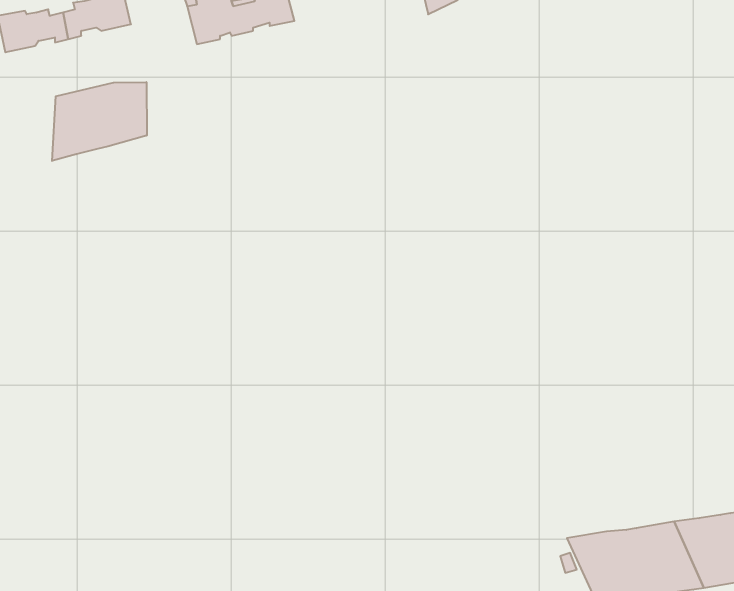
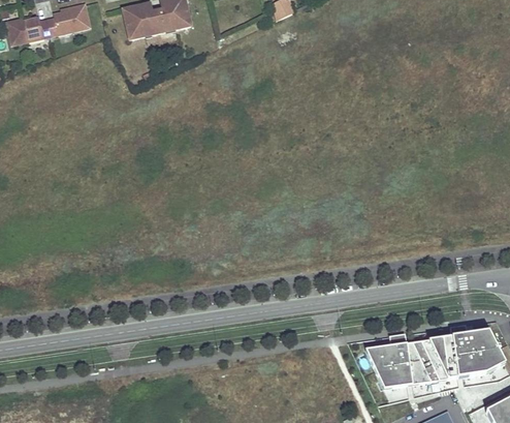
building: [52,82,147,161] -> none

